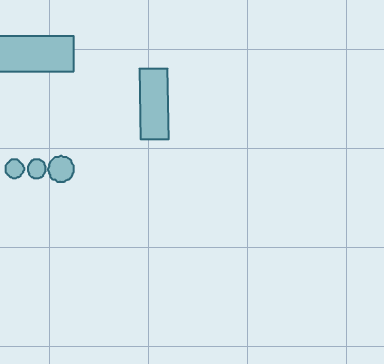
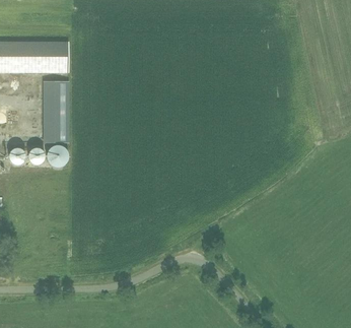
building: [139,69,169,139] -> [43,74,68,135]

